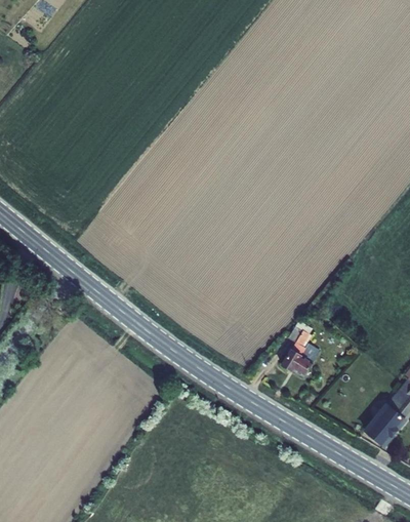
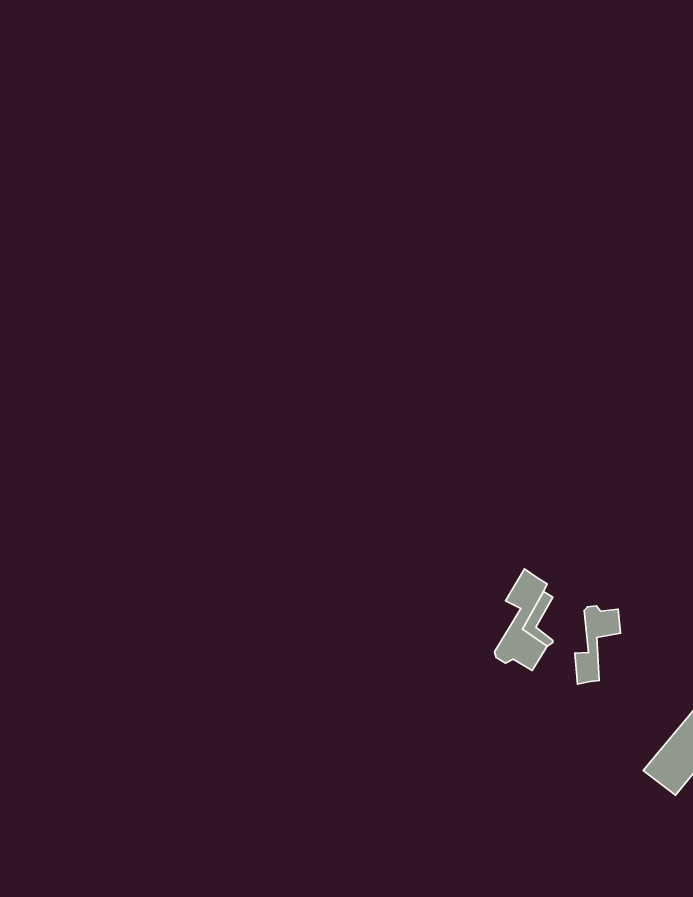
building: none -> [575,606,621,684]

